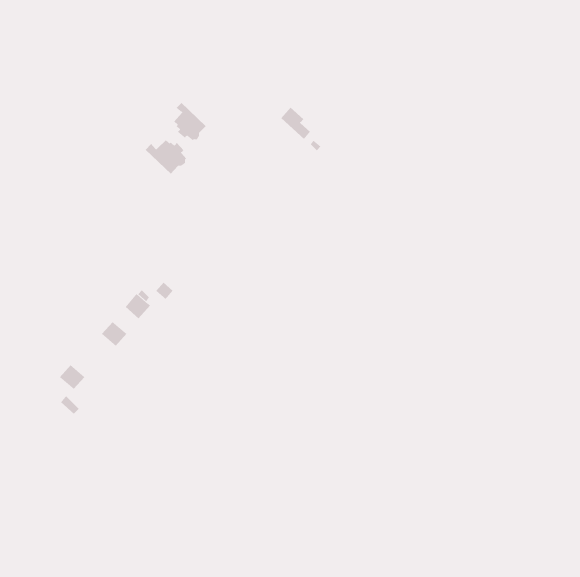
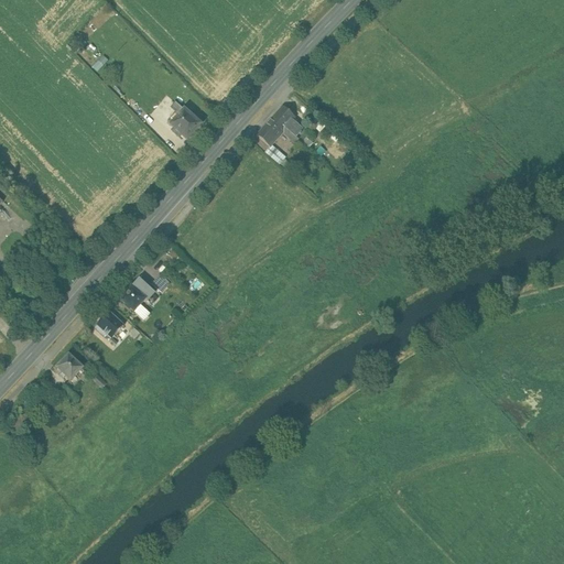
building: none -> [257,115,299,144]
building: [145,139,187,174] -> none

